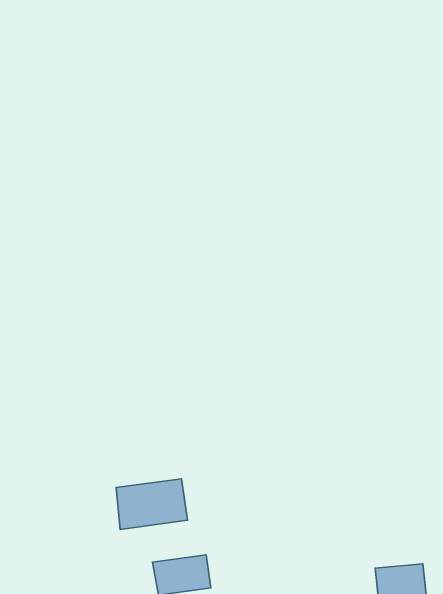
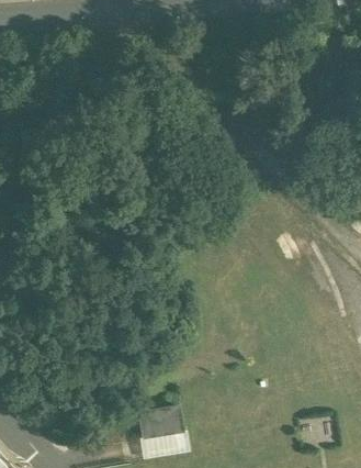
building: [116,479,187,529] -> none

